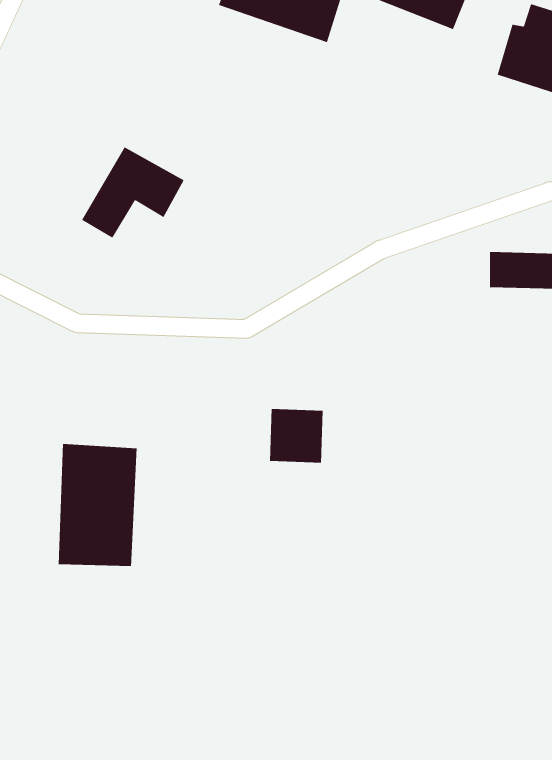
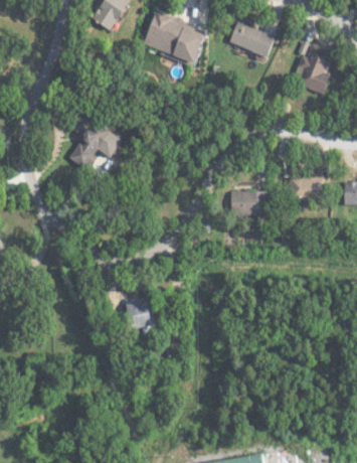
building: none -> [230,190,269,214]
building: [269,409,324,463] -> [128,298,157,327]
building: [58,443,137,567] -> none

